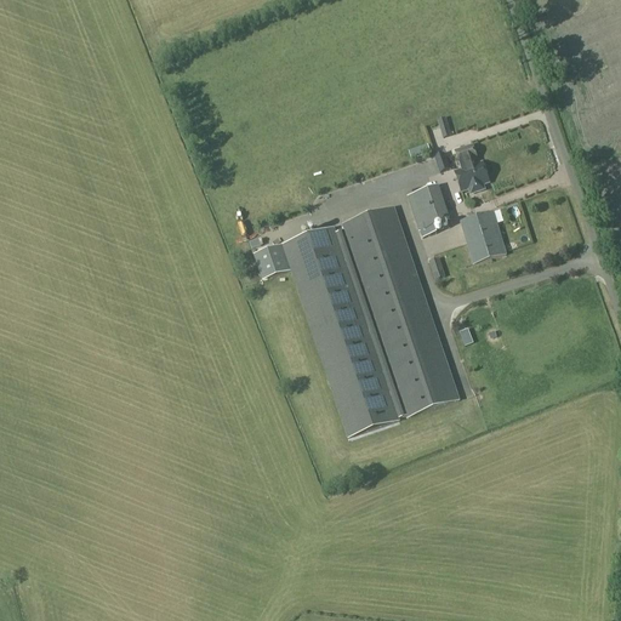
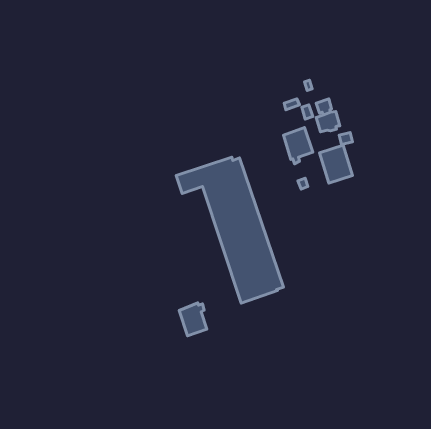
building: [342,205,460,415] -> none
building: none -> [179,303,207,336]

